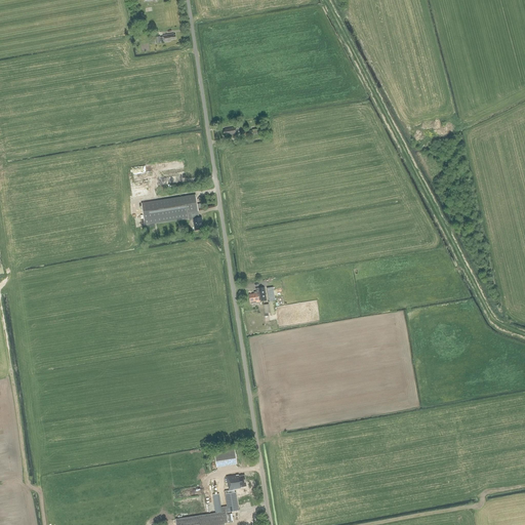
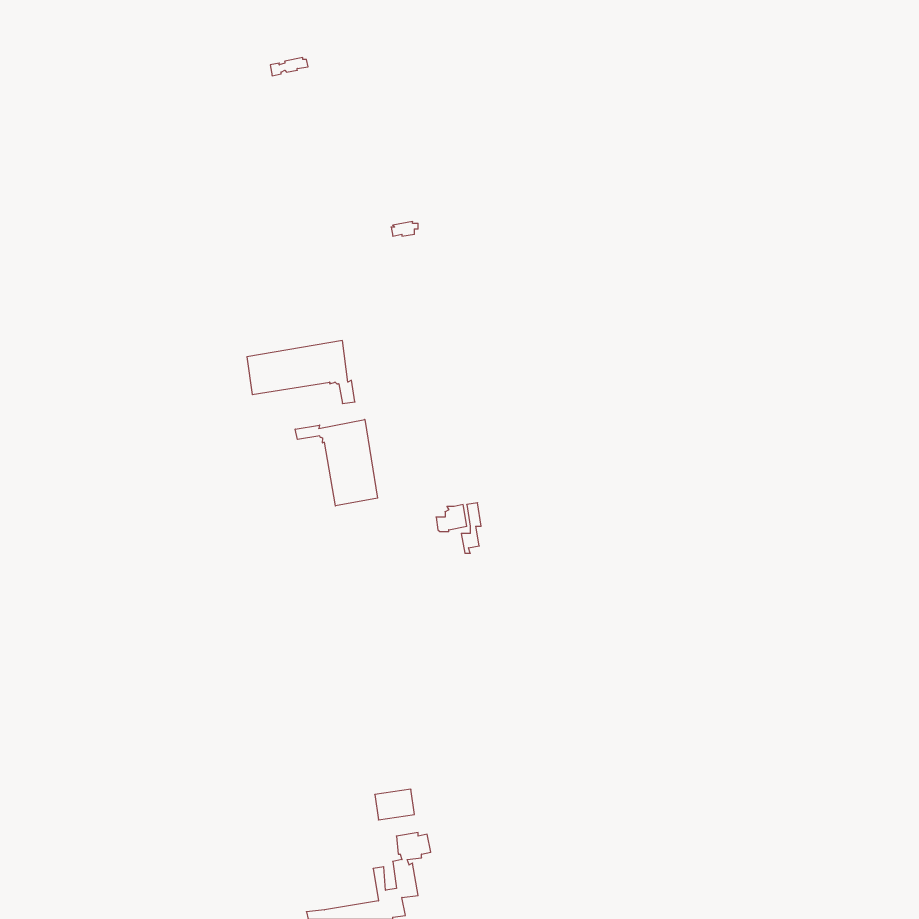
building: none -> [295,419,378,506]

